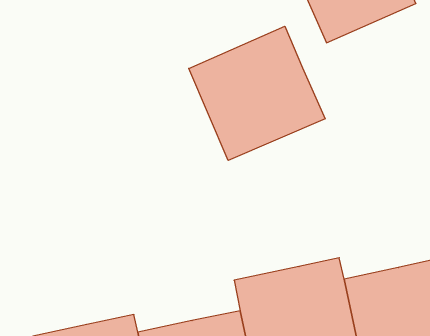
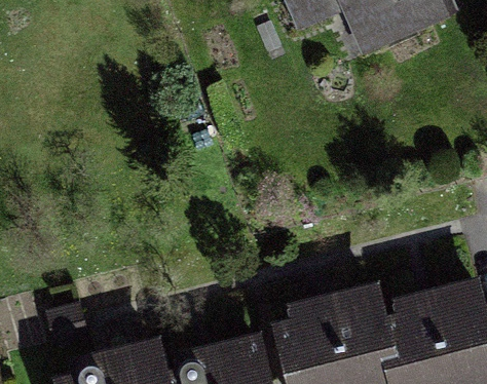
building: [189,26,325,160] -> none

